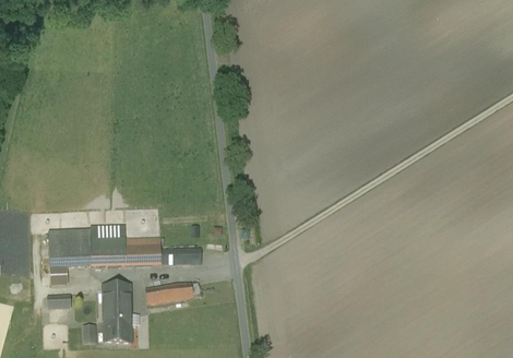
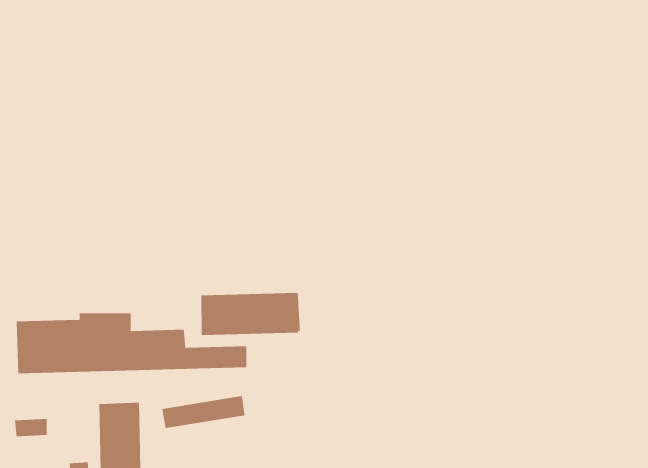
building: none -> [201,292,300,336]

